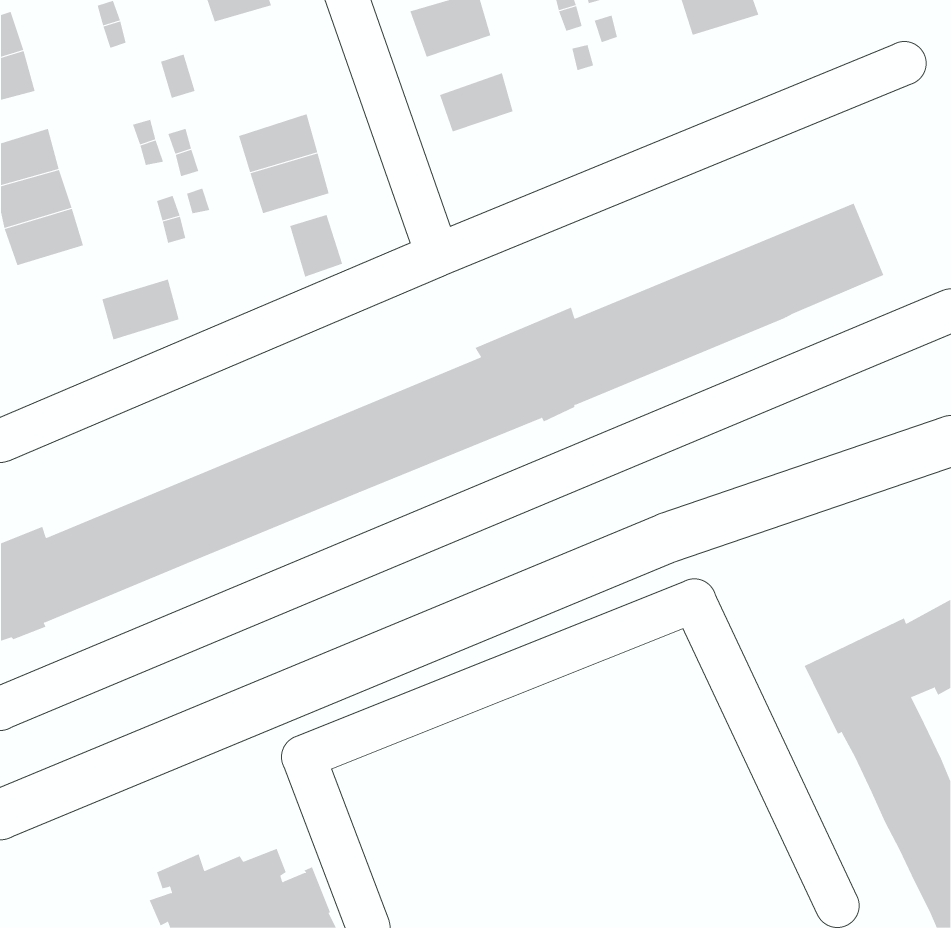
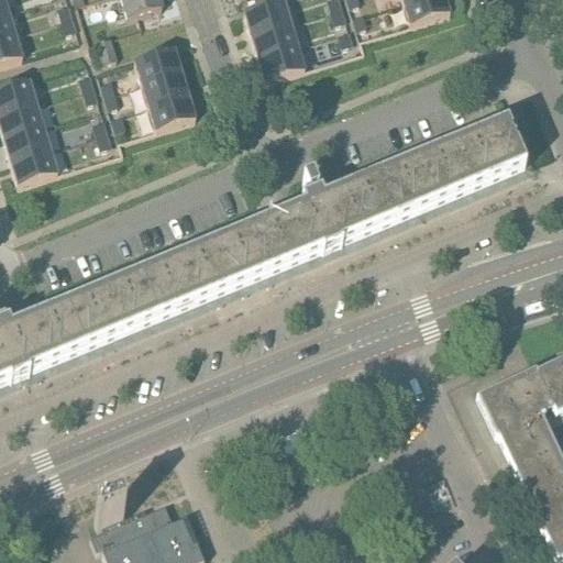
building: none -> [252,21,297,56]
building: none -> [133,44,181,80]
building: [289,214,343,278] -> none
building: [102,279,180,340] -> [10,145,56,181]

